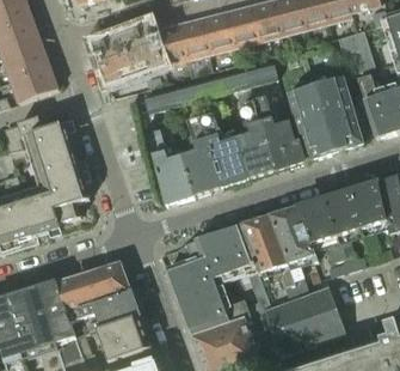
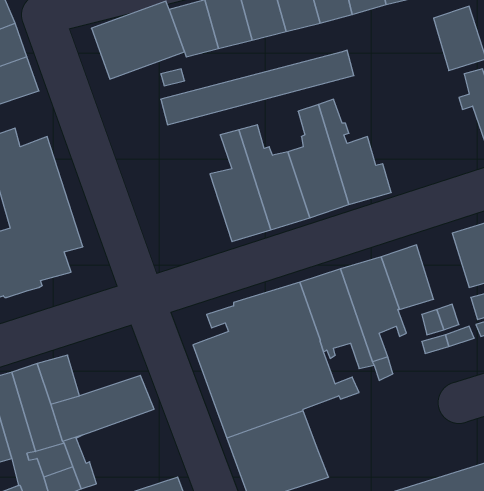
building: [287,75,361,159] -> none
building: [146,128,193,203] -> none
building: [324,188,361,235] -> none
building: [78,260,129,303] -> none
building: [263,284,346,354] -> none
building: [96,312,150,361] -> none

